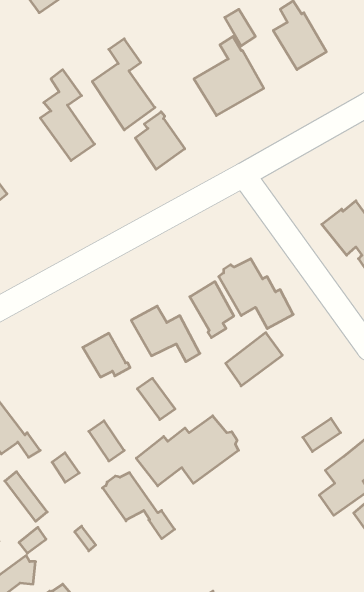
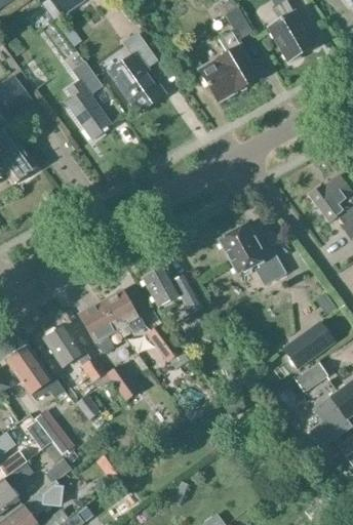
building: [135,112,185,169] -> none
building: [190,282,234,338] -> none
building: [226,333,282,386] -> [283,322,332,368]
building: none -> [81,302,118,355]
building: [136,416,239,486] -> none
building: [102,473,175,539] -> [43,325,106,382]

